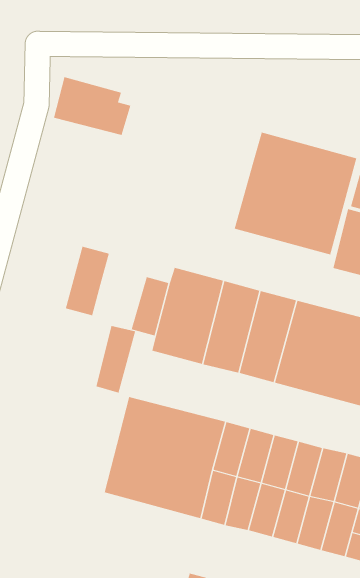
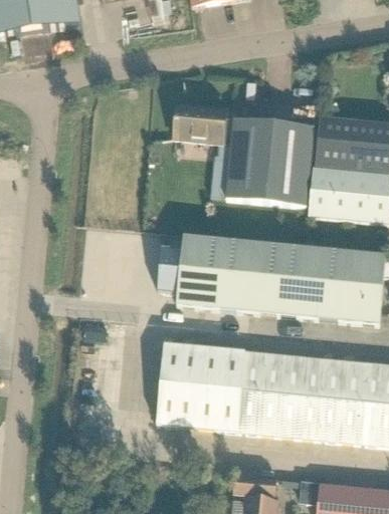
building: [53,76,131,136] -> [173,103,233,143]
building: [65,246,109,316] -> none
building: [96,325,136,394] -> none

